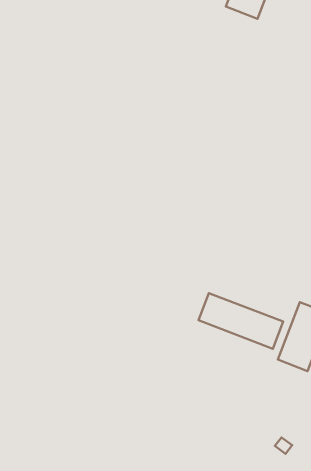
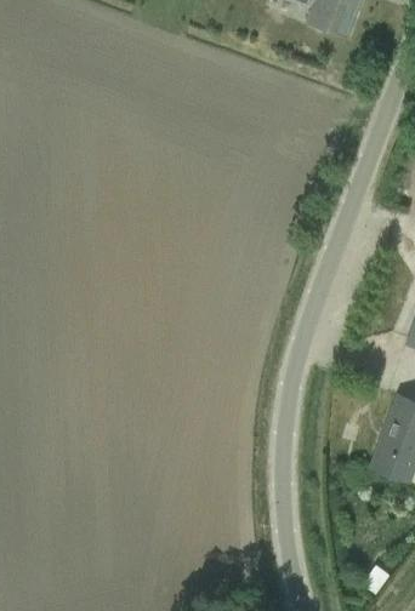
building: [199,293,283,349] -> none

